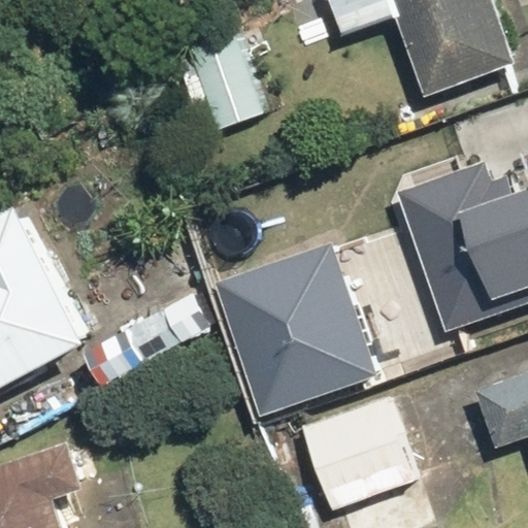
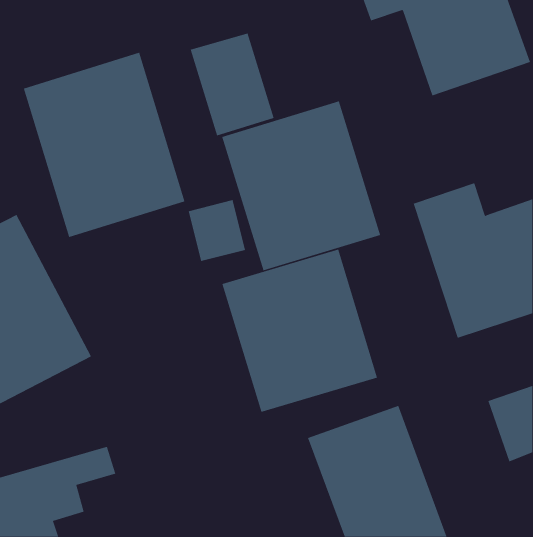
building: none -> [23,52,185,238]
building: none -> [221,101,381,271]

